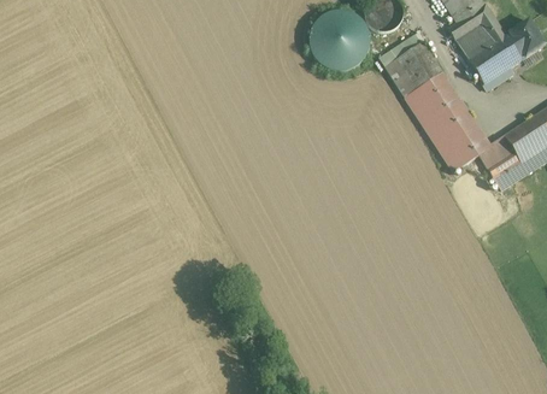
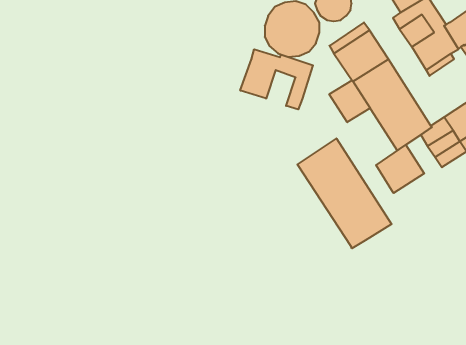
building: none -> [240,49,313,109]
building: none -> [329,80,370,122]
building: none -> [297,138,392,248]
building: none -> [376,145,424,193]

